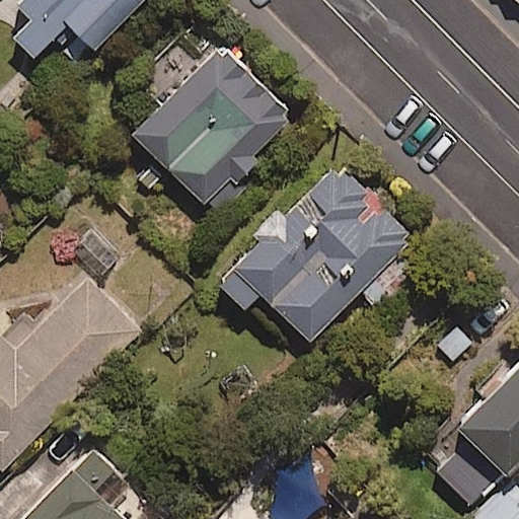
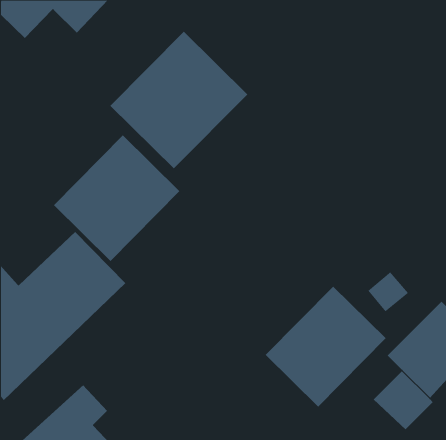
building: [213,155,415,340] -> none
building: none -> [53,135,180,262]
building: none -> [265,286,387,408]

